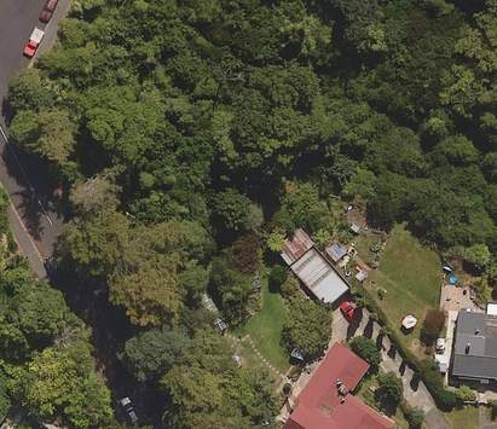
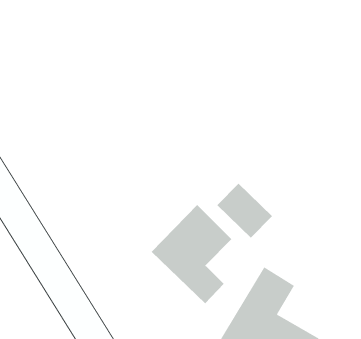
building: none -> [151,204,232,304]

